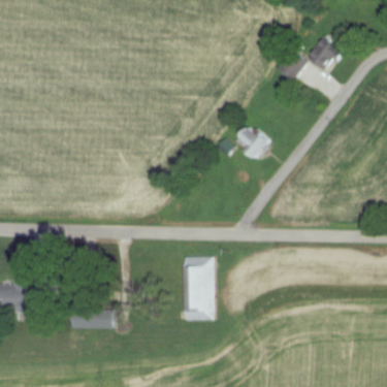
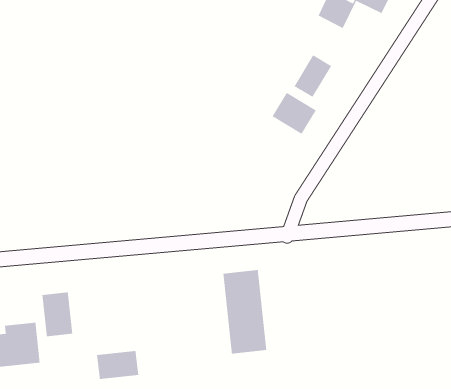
building: none -> [293,54,332,98]
building: none -> [41,291,73,337]

